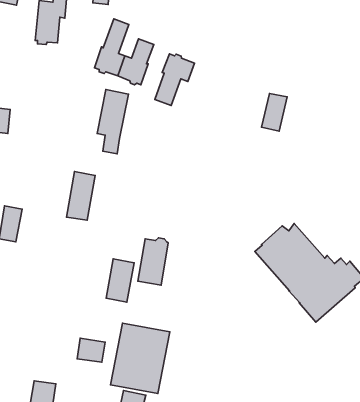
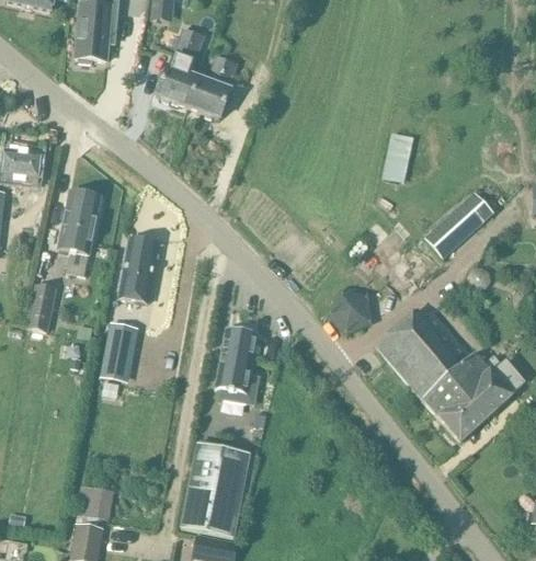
building: [155,54,194,105] -> none
building: [97,89,128,154] -> [58,187,101,275]
building: none -> [423,190,495,259]
building: none -> [327,289,373,335]
building: [106,259,134,302] -> [100,322,138,381]
building: [77,338,105,362] -> [76,485,114,518]

